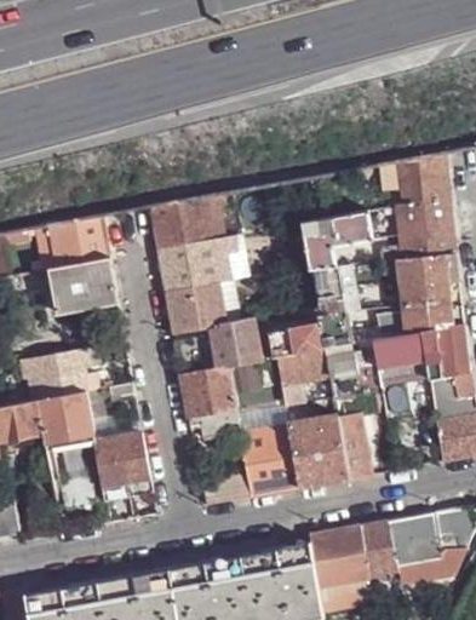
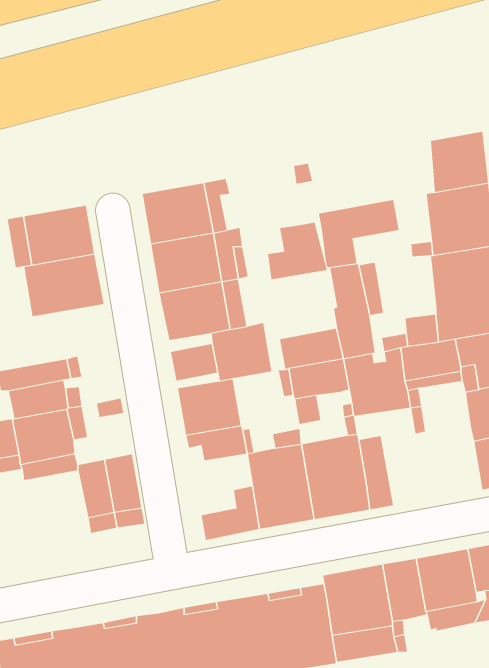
building: none -> [268,222,327,280]

